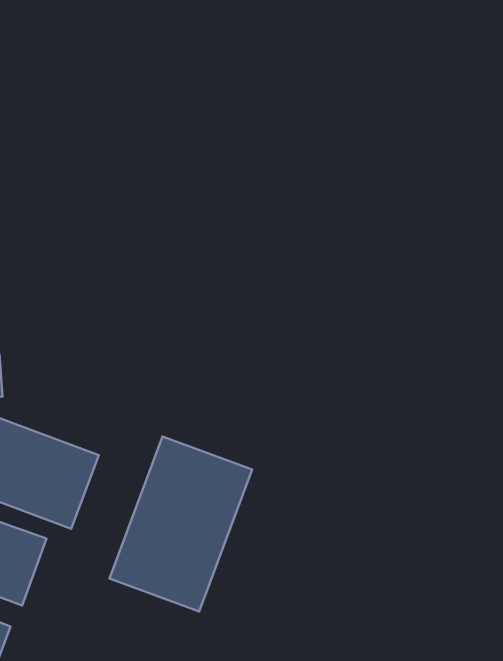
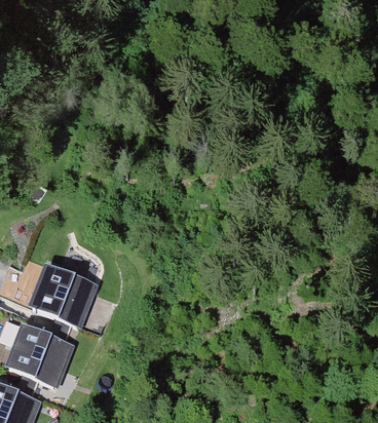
building: [110,437,252,611] -> none

